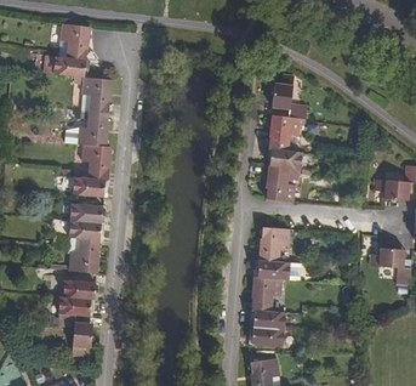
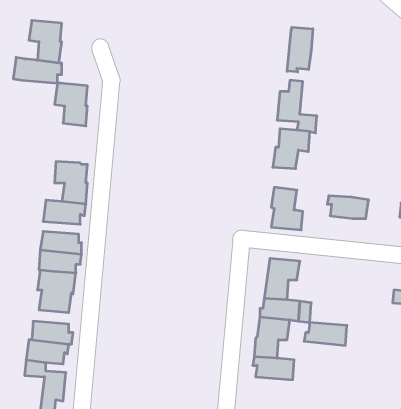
building: none -> [287,27,313,72]
building: [79,110,109,144] -> none
building: [267,148,302,168] -> [327,196,369,219]
building: [249,327,285,346] -> [304,323,347,345]

